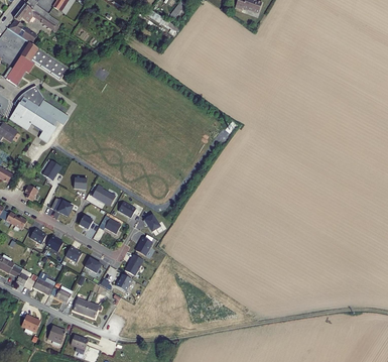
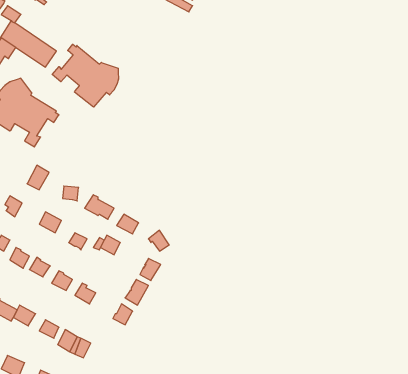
building: none -> [52,44,118,107]

